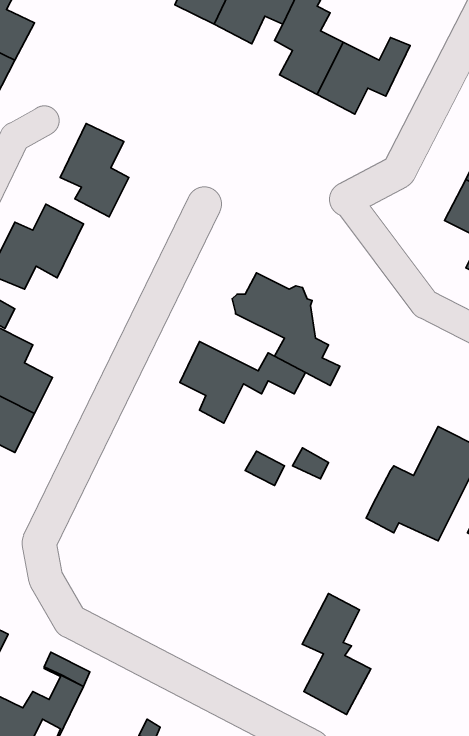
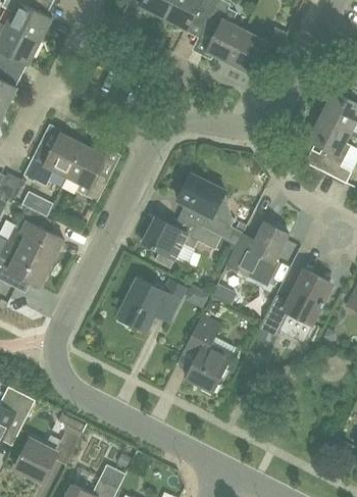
building: [60,124,129,217] -> [66,144,109,202]
building: none -> [226,221,289,281]
building: none -> [118,279,185,331]
building: [302,593,371,714] -> [185,317,227,393]

